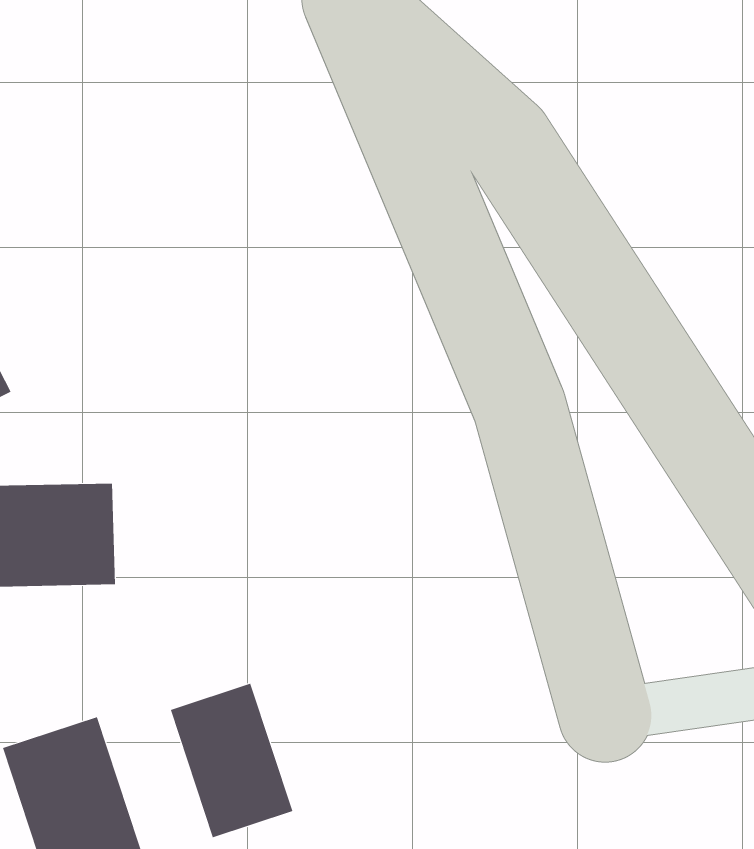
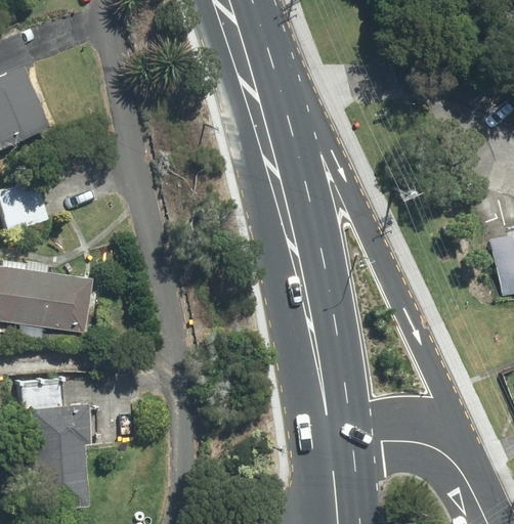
building: [170,683,293,838] -> none

